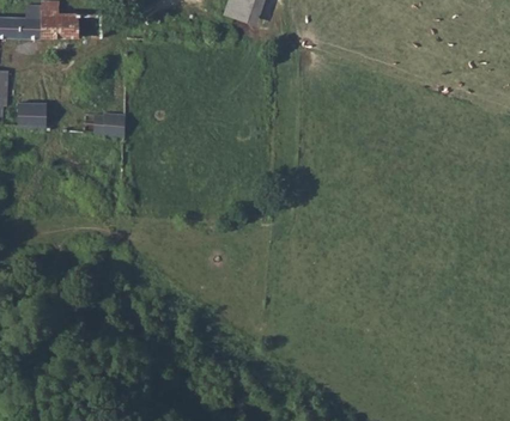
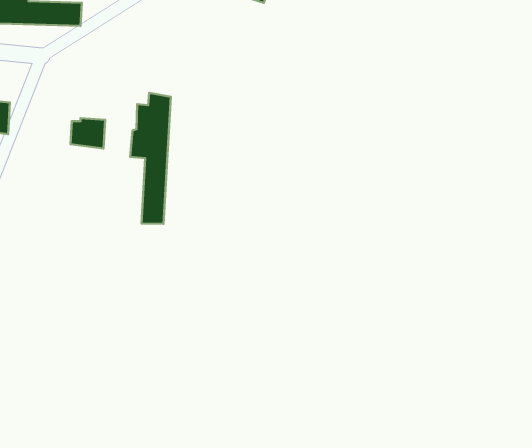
building: none -> [130,93,171,224]

